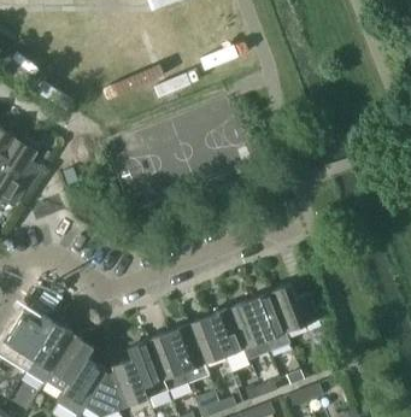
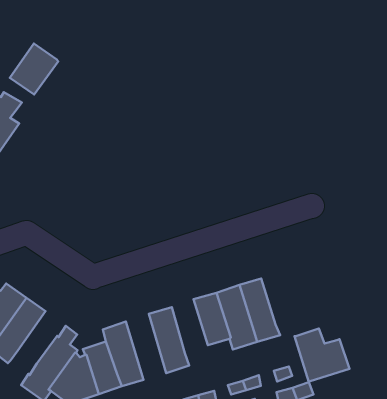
building: none -> [10,44,58,94]
building: [270,283,322,333] -> [295,328,350,382]
building: [190,315,225,364] -> none
building: [149,330,189,390] -> none
building: [47,334,95,393] -> none

